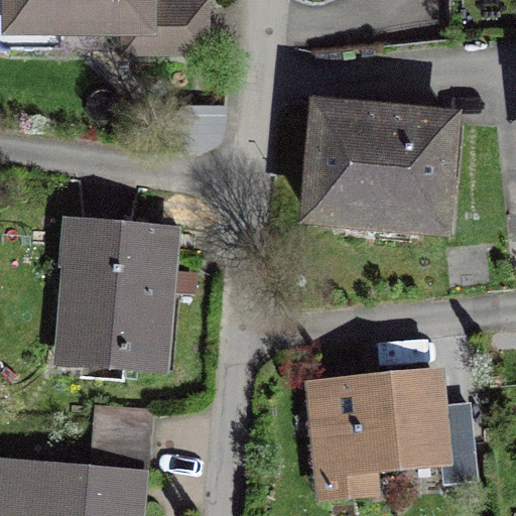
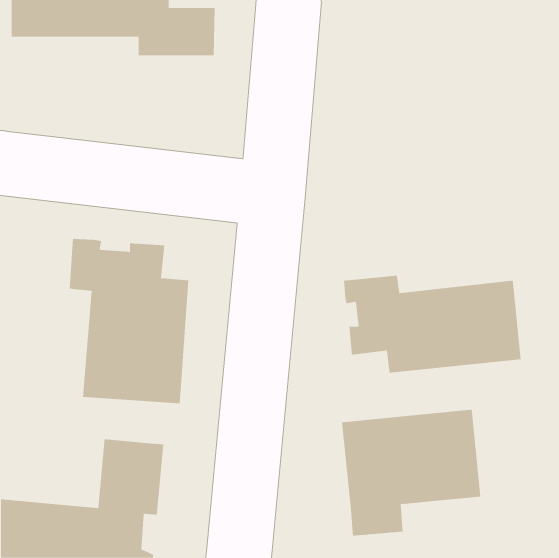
building: [310,110,450,227] -> none
building: none -> [344,275,521,373]

